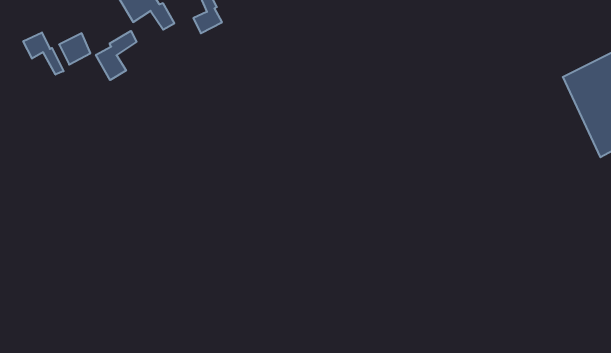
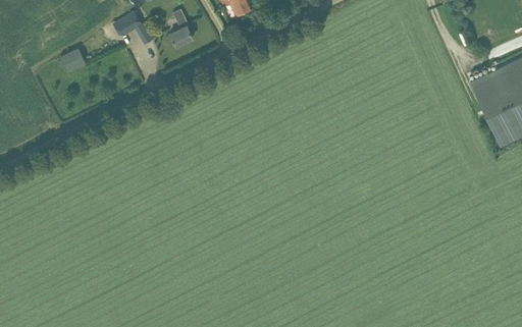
building: [96,31,137,80] -> none
building: [23,32,64,75] -> none

